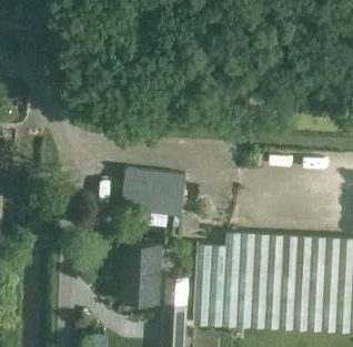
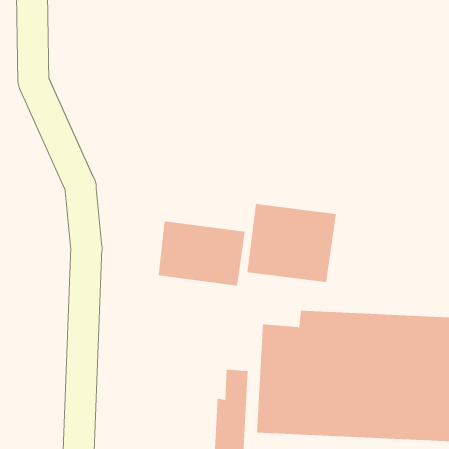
building: none -> [247,203,337,283]
building: [128,244,160,302] -> none

